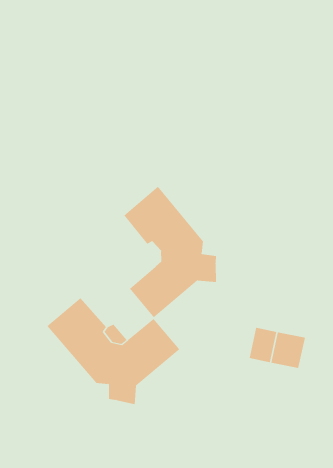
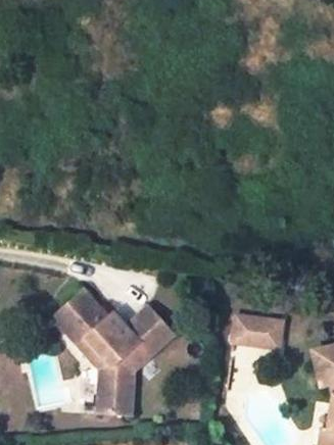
building: [123,186,217,318] -> none
building: none -> [95,380,130,413]

